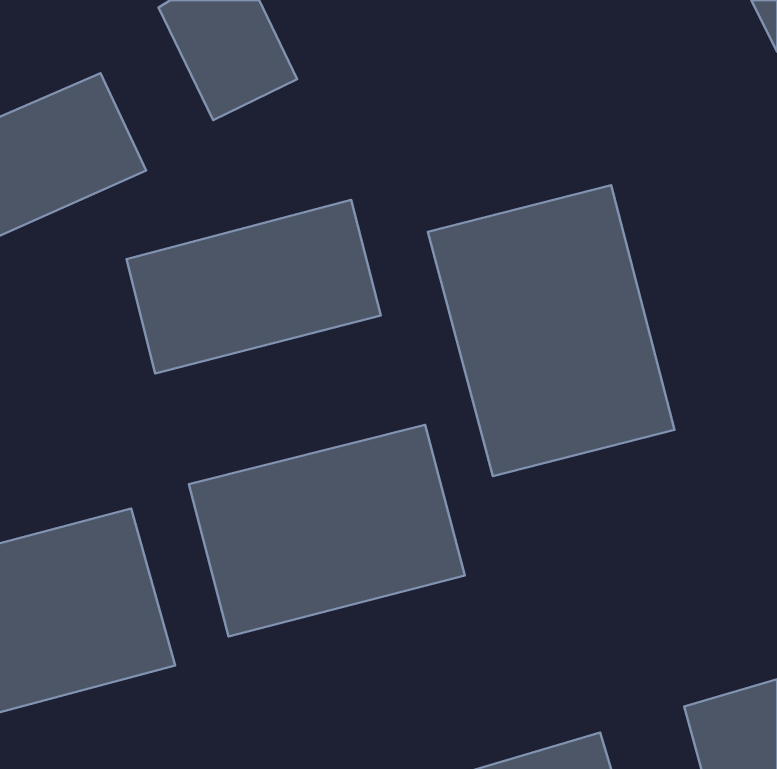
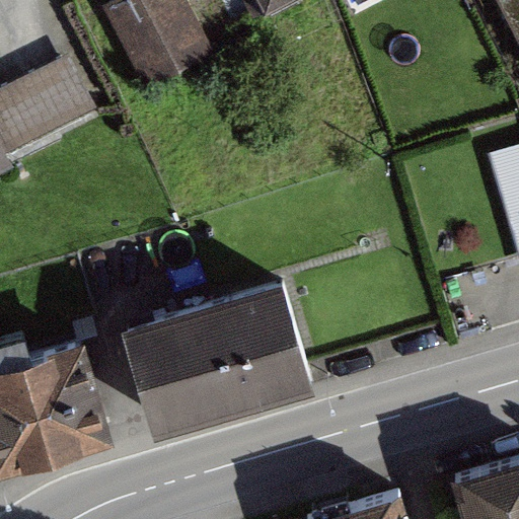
building: [428,185,674,476] -> none
building: [126,200,381,374] -> none

